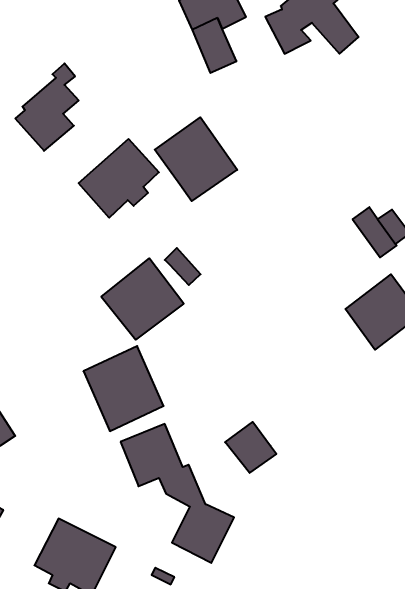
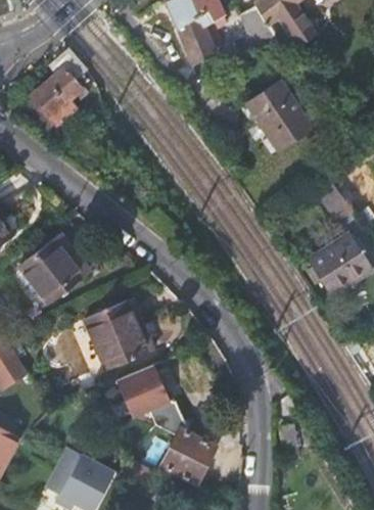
building: [155,117,237,201] -> [239,82,310,153]
building: [79,139,159,218] -> none
building: [101,258,184,340] -> [18,233,89,303]
building: [225,422,276,473] -> none

